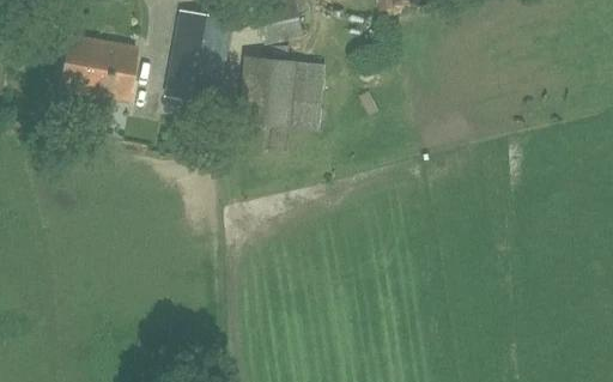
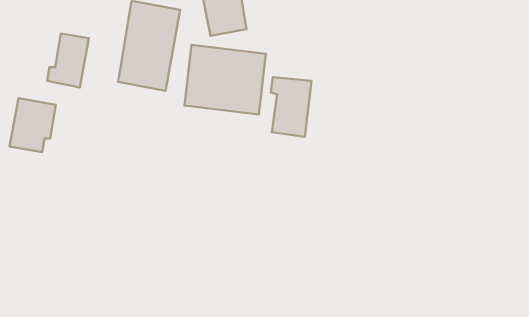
building: [57,36,107,93] -> [10,98,56,152]
building: none -> [271,77,312,137]

